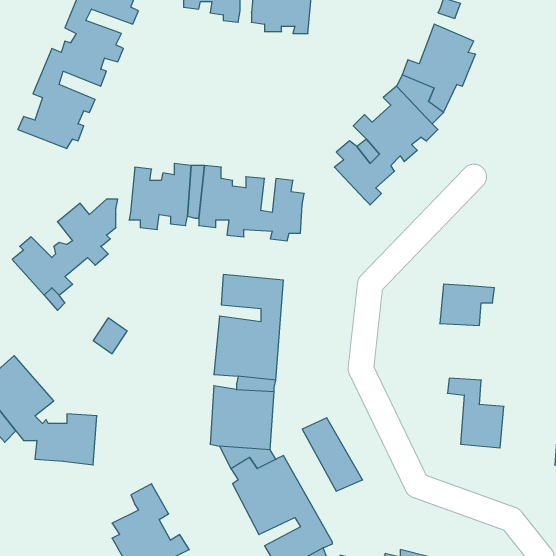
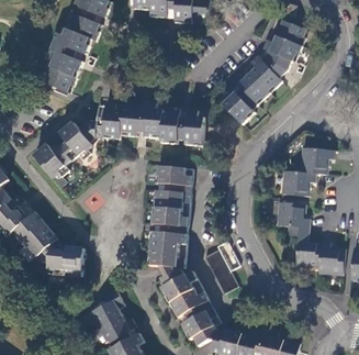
building: none -> [301,148,333,175]
building: none -> [279,202,310,228]
building: none -> [318,242,344,274]

